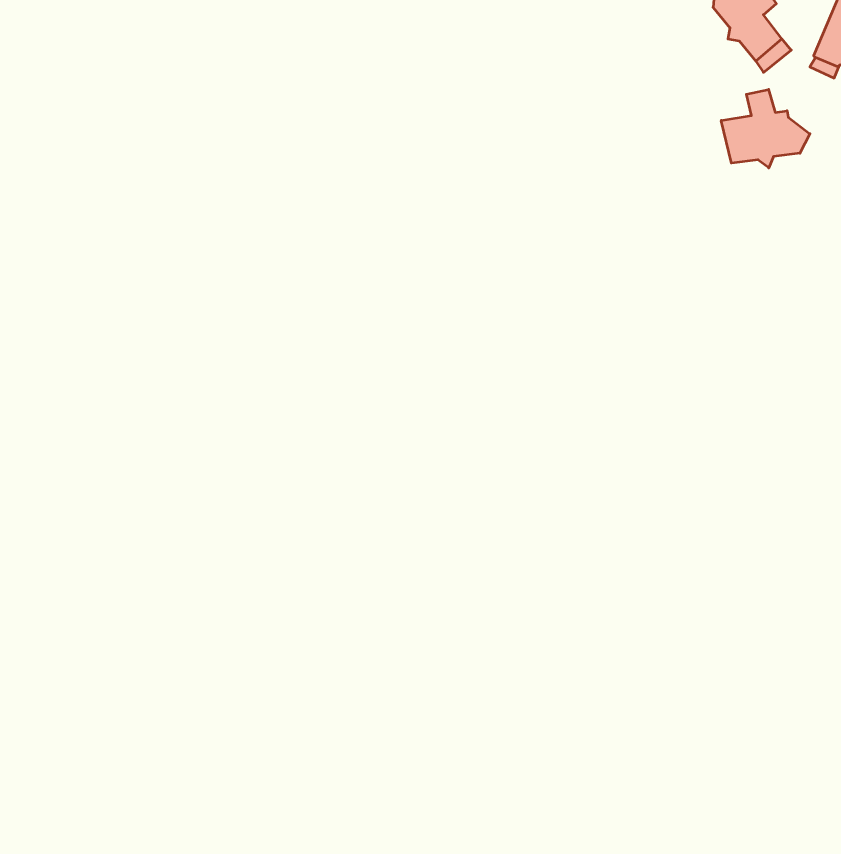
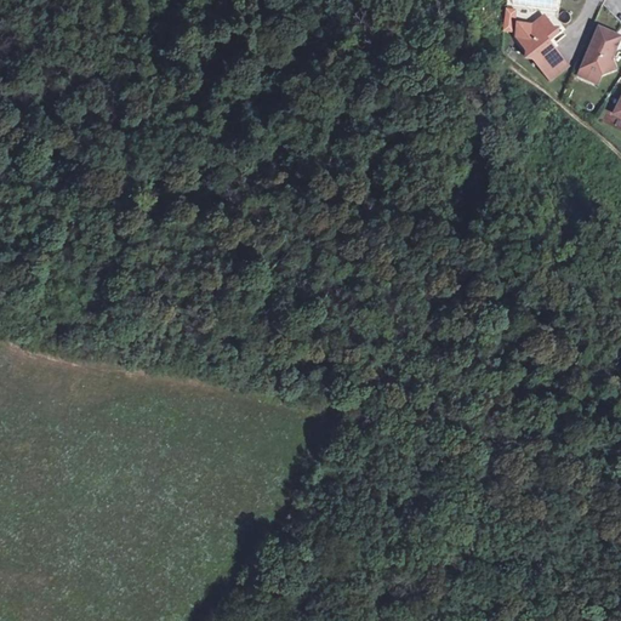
building: [721,89,810,168] -> none

